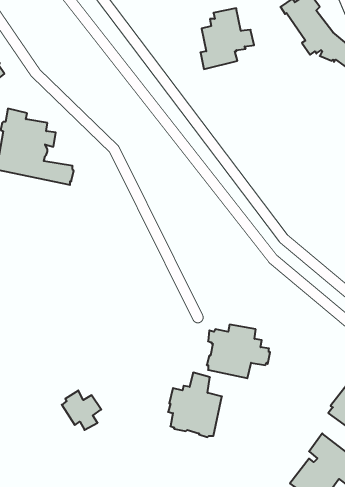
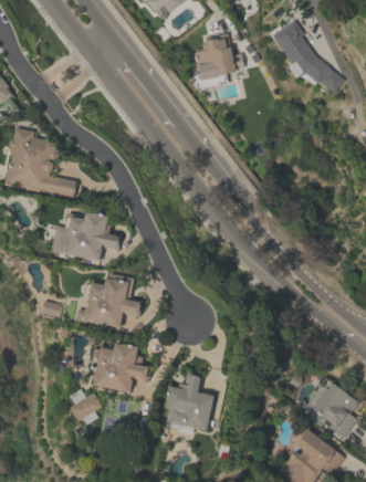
building: none -> [51,212,121,262]
building: none -> [75,273,142,328]
building: [207,325,270,378] -> [92,343,150,392]

